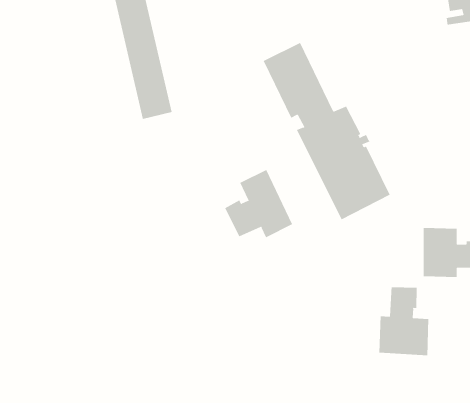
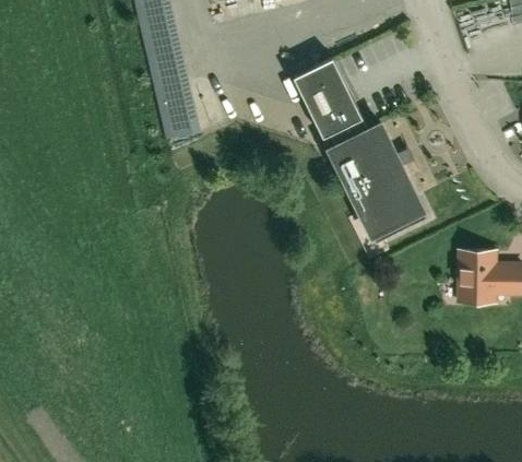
building: [224,169,293,238] -> none
building: [379,287,429,356] -> none

